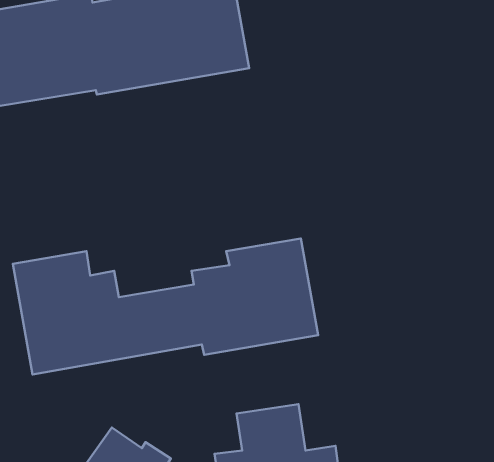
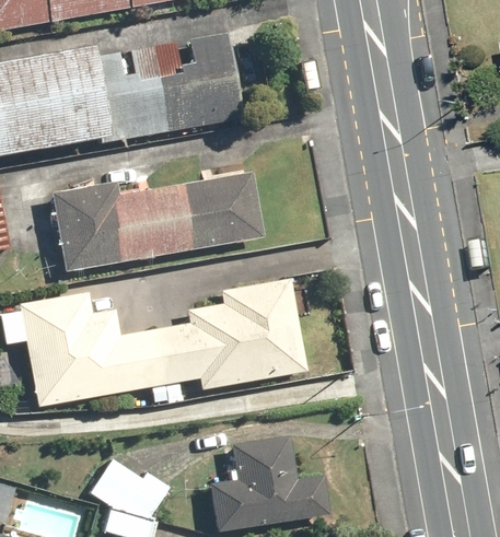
building: none -> [50,171,263,272]

